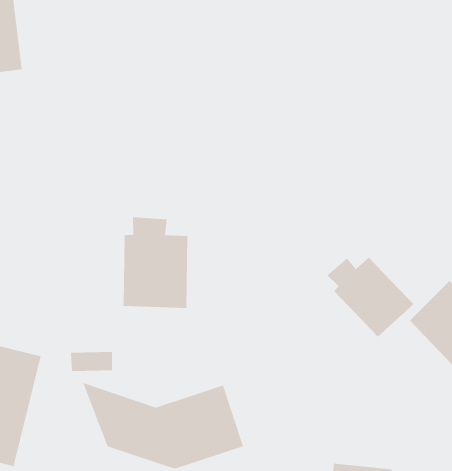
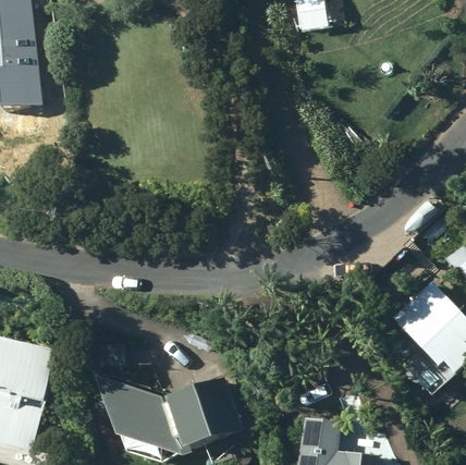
building: [123,217,188,309] -> none
building: [327,257,414,337] -> none

